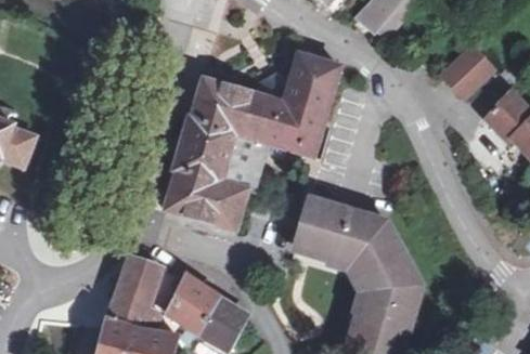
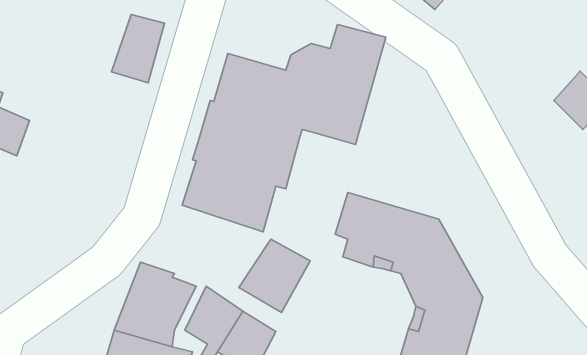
building: none -> [112,14,165,83]
building: [442,45,492,96] -> none
building: none -> [239,239,310,312]

